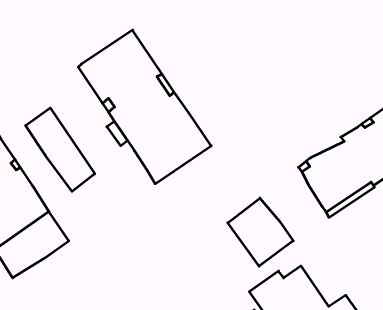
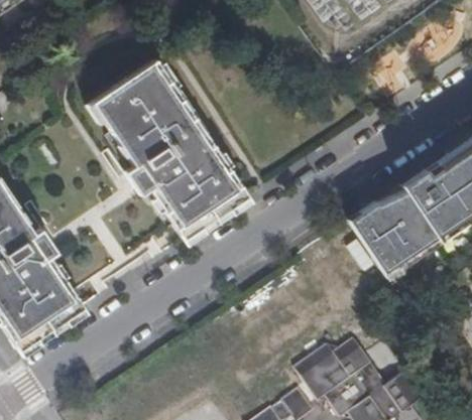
building: [26,108,95,191] -> none
building: [228,198,293,266] -> none

